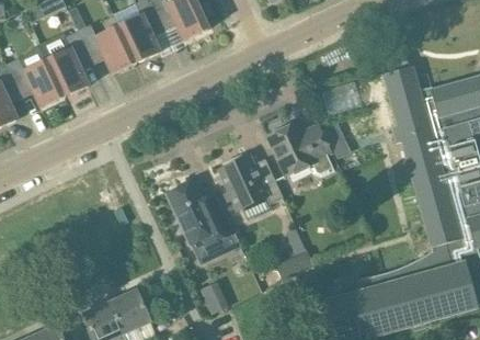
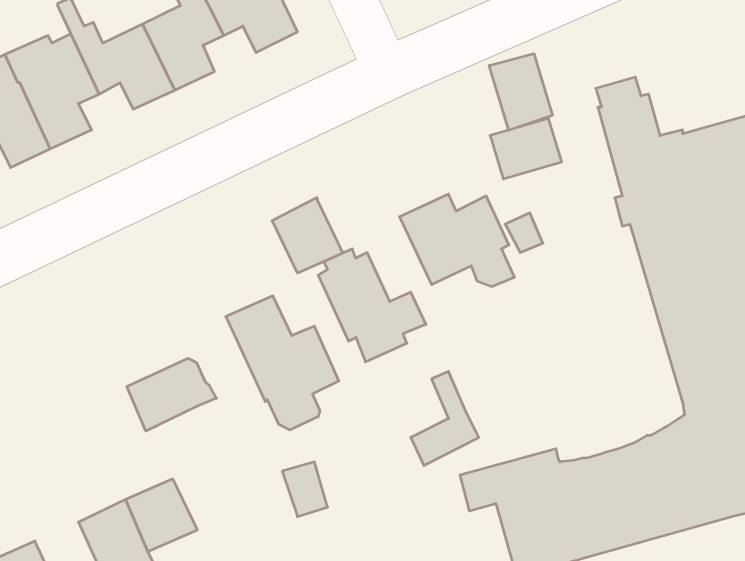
building: none -> [489,54,552,130]
building: none -> [272,198,343,273]
building: none -> [127,358,217,431]

